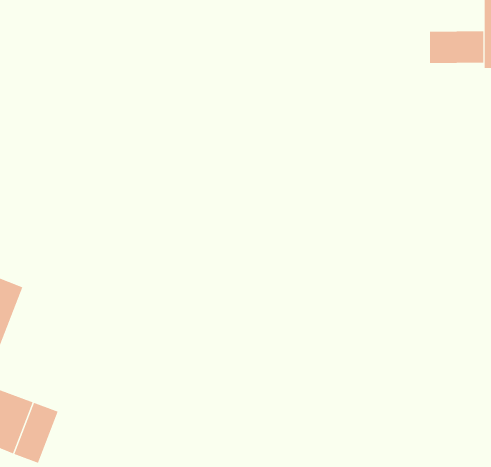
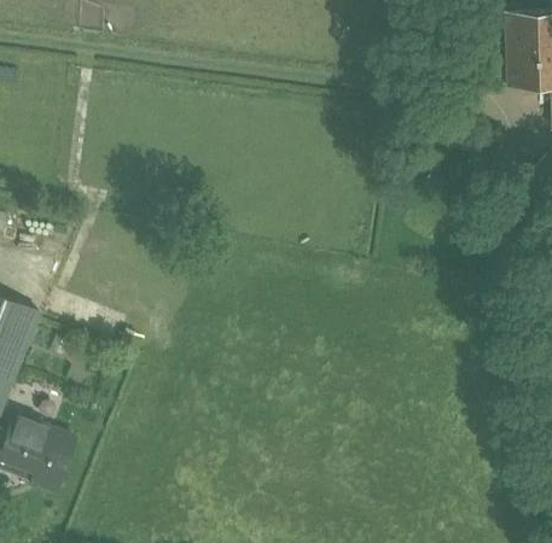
building: [429,31,484,64] -> none

